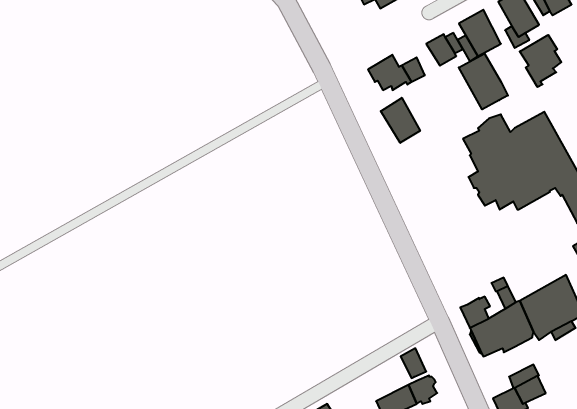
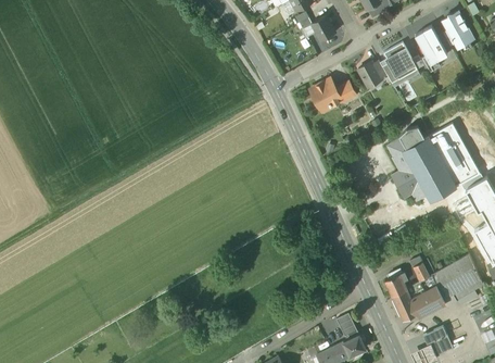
building: [520,35,561,87] -> none
building: [459,54,508,109] -> none
building: [381,98,420,143] -> none

